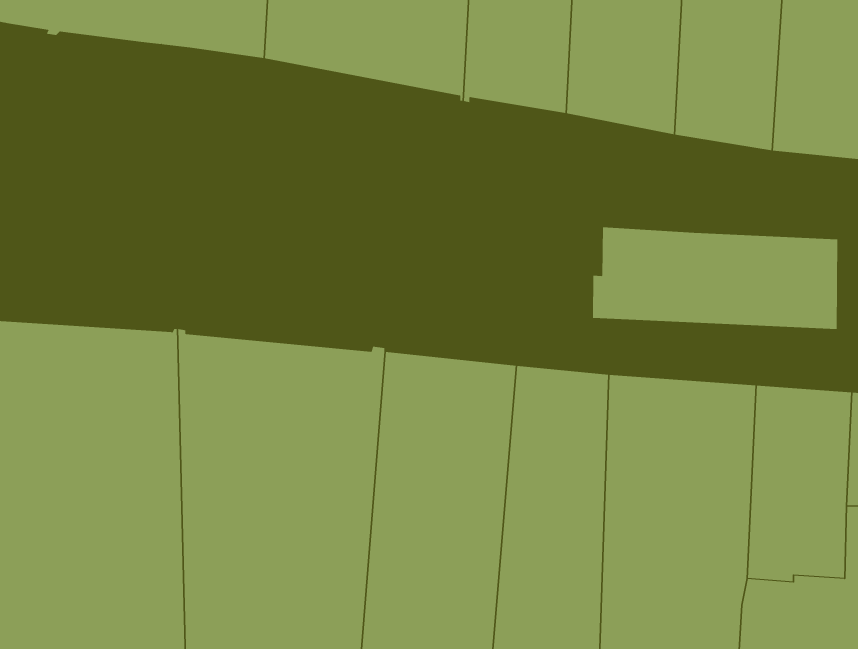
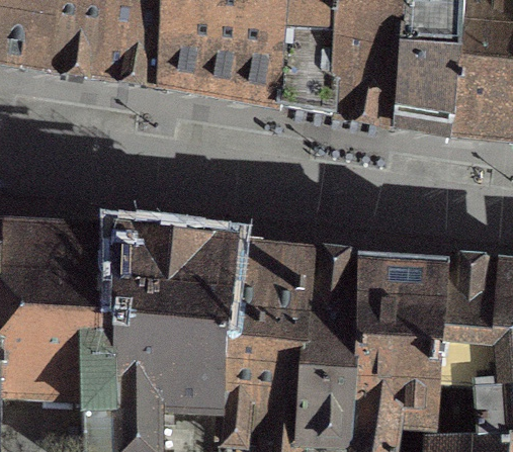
building: [593,227,838,330] -> none

